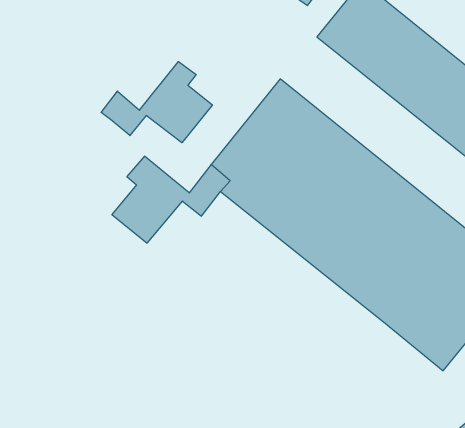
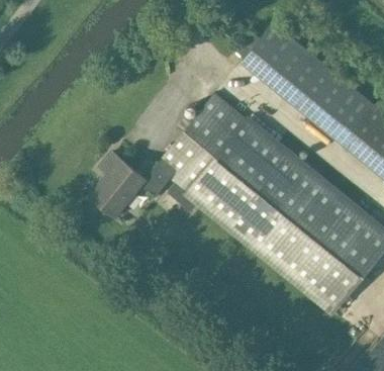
building: [101,62,212,143] -> none

